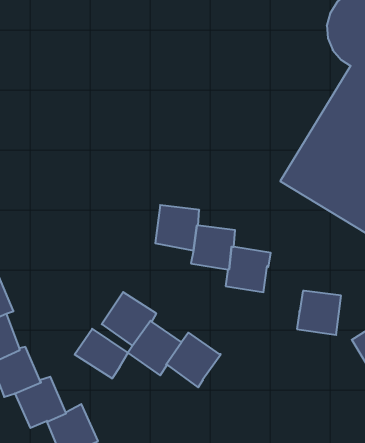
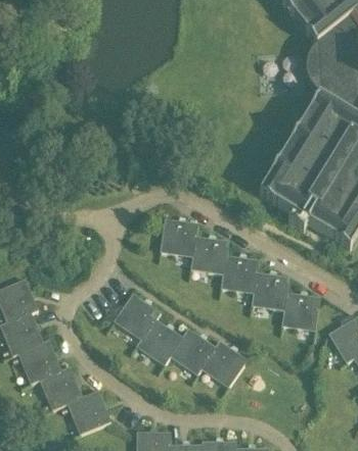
building: none -> [252,271,288,311]
building: [75,329,128,379] -> none
building: none -> [200,341,247,388]

